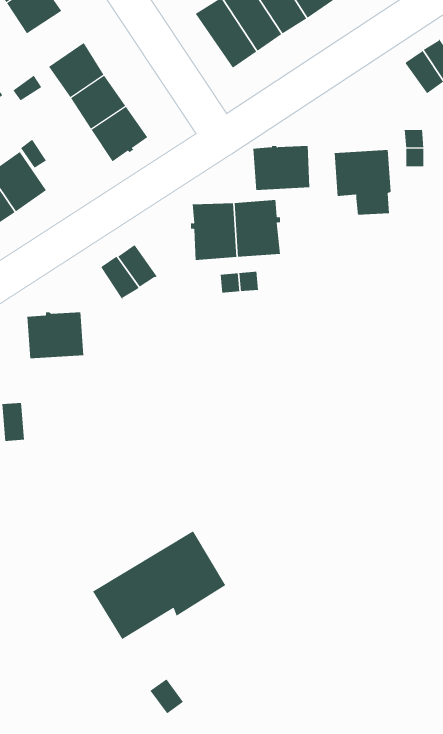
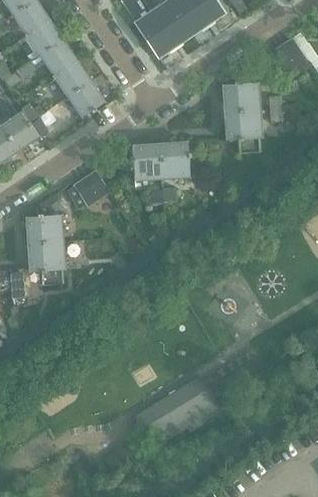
building: none -> [26,19,63,55]
building: [252,145,310,191] -> [222,82,260,111]
building: none -> [28,242,65,284]
building: [92,531,226,640] -> [135,376,221,447]

